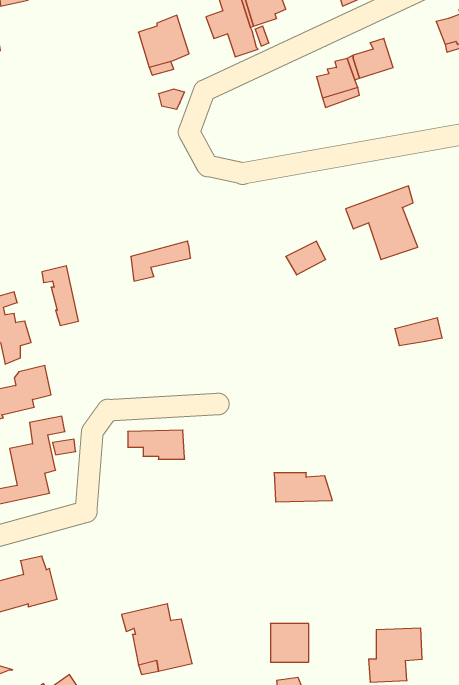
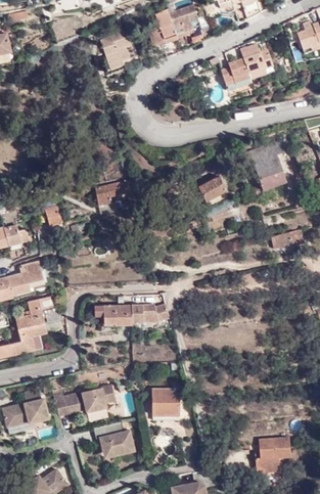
building: [274,473,332,502] -> [132,305,171,324]
building: none -> [54,384,115,415]
building: [270,624,309,662] -> [153,390,179,415]

